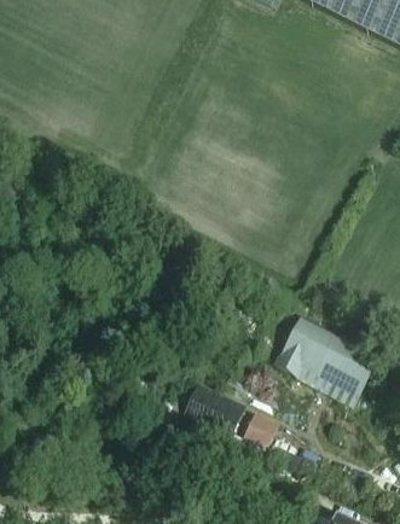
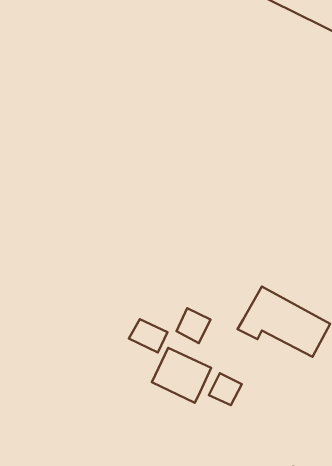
building: none -> [176,308,211,343]
building: none -> [129,319,168,352]

